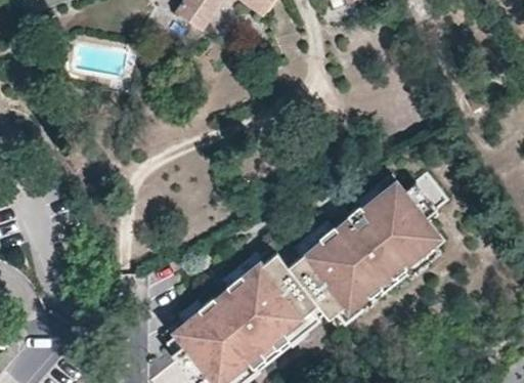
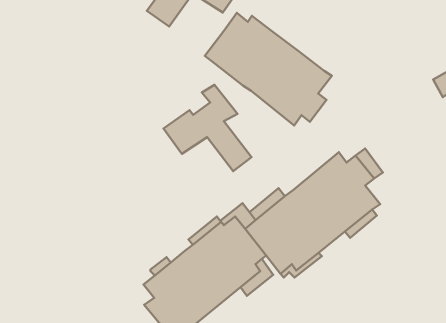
building: none -> [205,13,332,125]
building: none -> [163,85,251,171]

